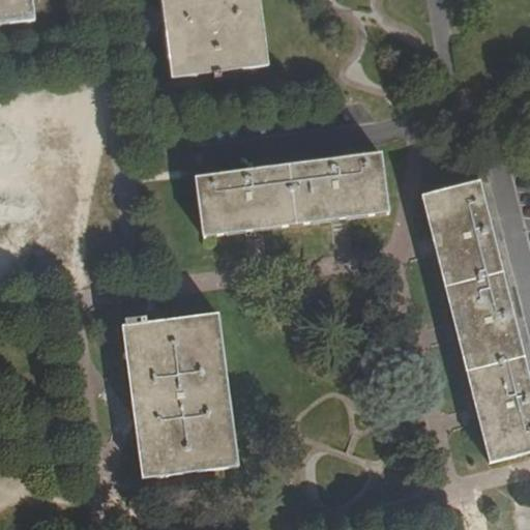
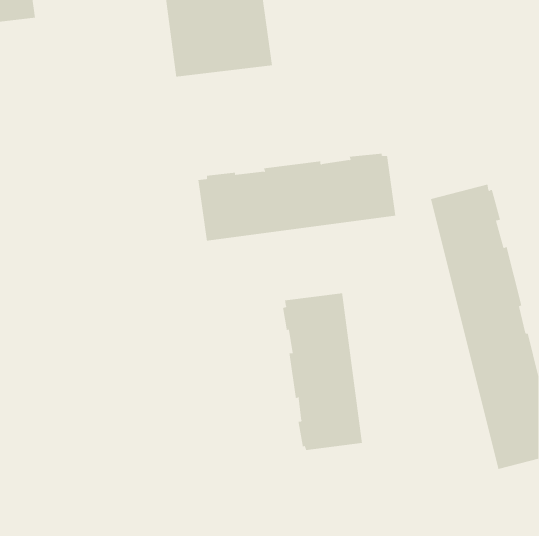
building: none -> [283,292,363,451]
building: [123,313,238,476] -> none

